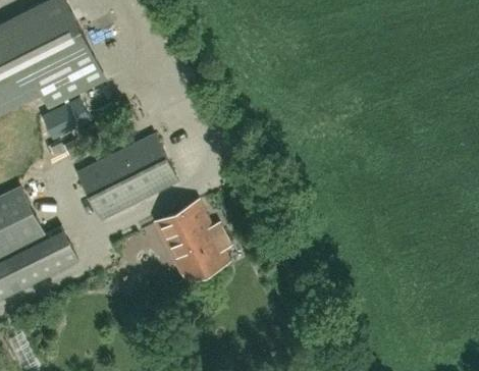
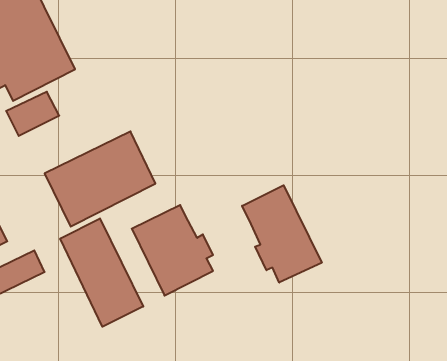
building: none -> [242,185,322,283]
building: none -> [60,218,143,327]

